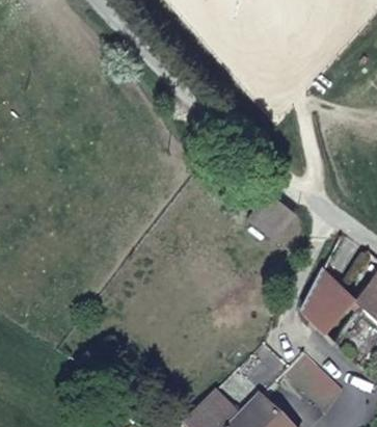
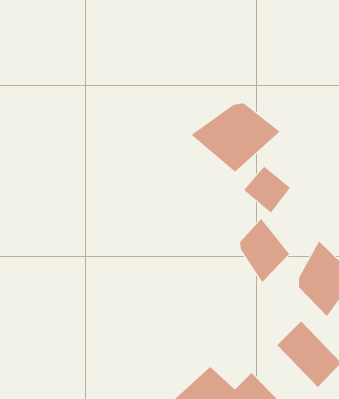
building: none -> [191,102,280,172]
building: none -> [240,218,290,283]

